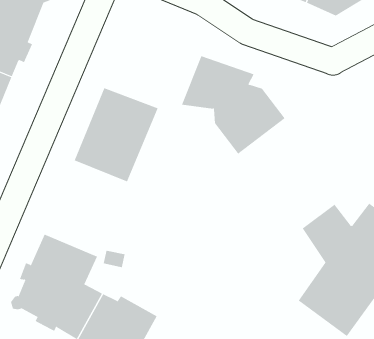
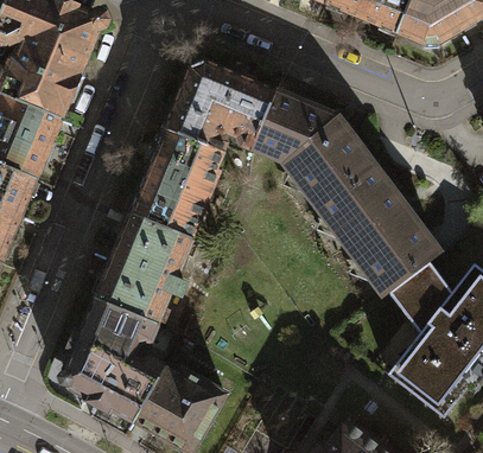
building: none -> [164,62,275,152]
building: none -> [318,164,440,295]
building: none -> [95,212,191,323]

